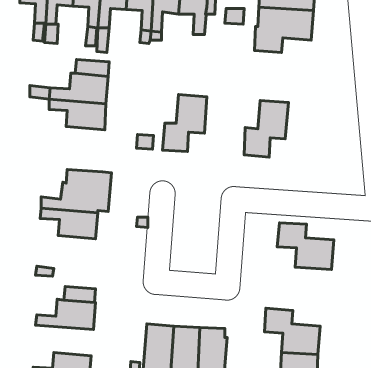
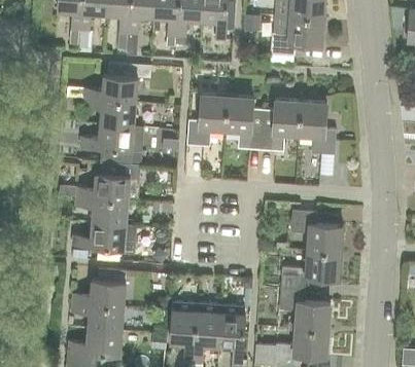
building: none -> [224,96,262,148]
building: none -> [298,101,336,153]
building: none -> [80,122,143,163]
building: none -> [72,221,135,253]
building: none -> [280,250,340,289]
building: none -> [71,302,124,330]

